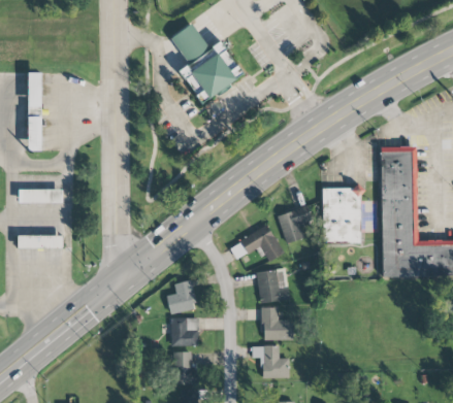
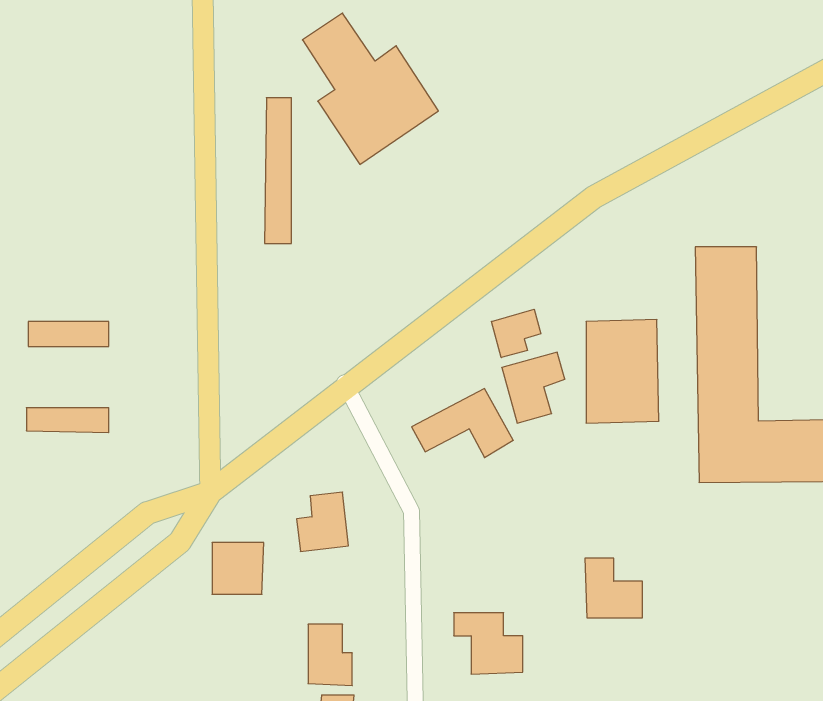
building: [27,72,41,150] -> [265,98,291,243]
building: none -> [491,309,541,358]
building: [256,268,290,303] -> none
building: [262,307,293,339] -> [585,558,642,618]
building: [171,317,199,345] -> [212,543,264,594]

